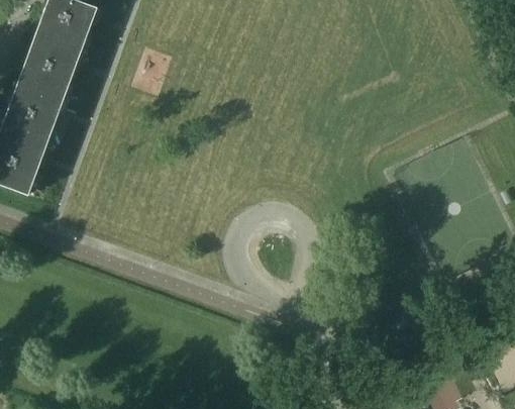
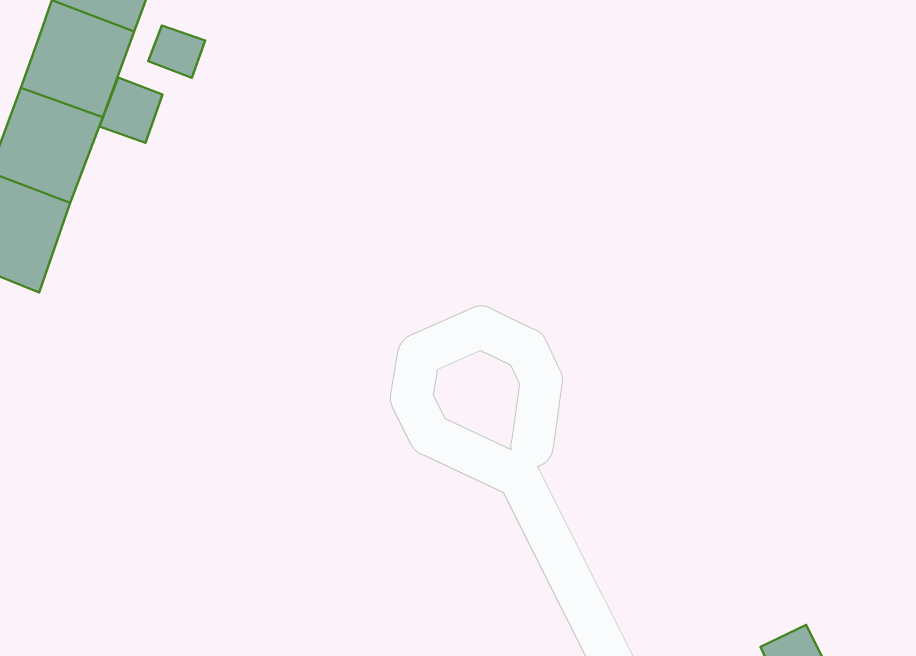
building: none -> [148,25,205,78]
building: none -> [99,78,162,143]

